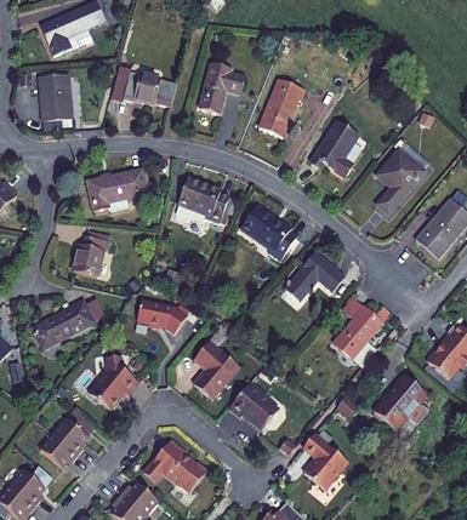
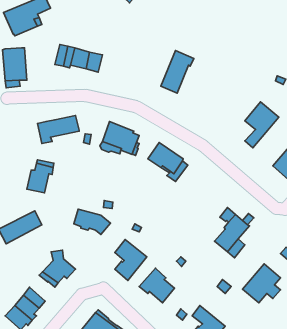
building: [198,62,244,113] -> none
building: [309,120,358,176] -> none
building: [284,251,343,299] -> none

